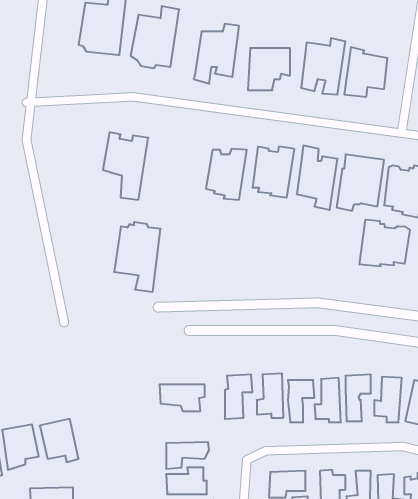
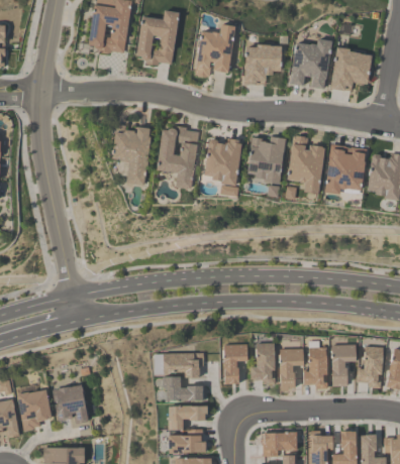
building: [359,220,410,266] -> none
building: [114,222,161,292] -> [157,125,199,189]
building: none -> [163,376,205,400]

